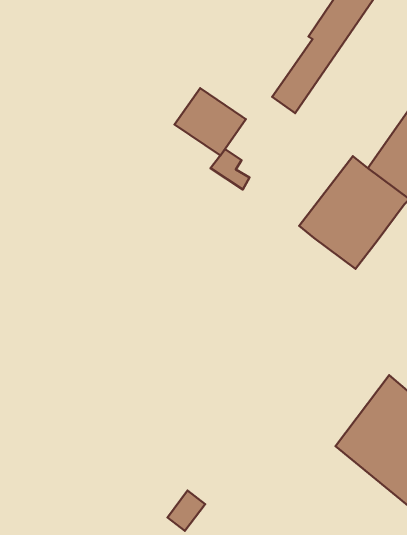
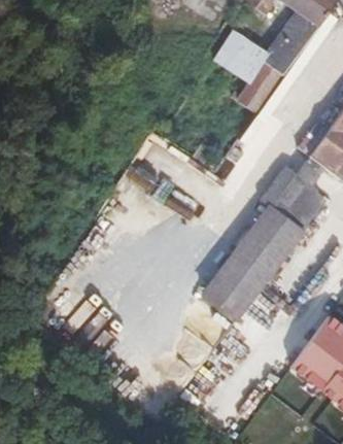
building: [175,88,246,155] -> [214,32,269,83]
building: none -> [205,208,302,316]

